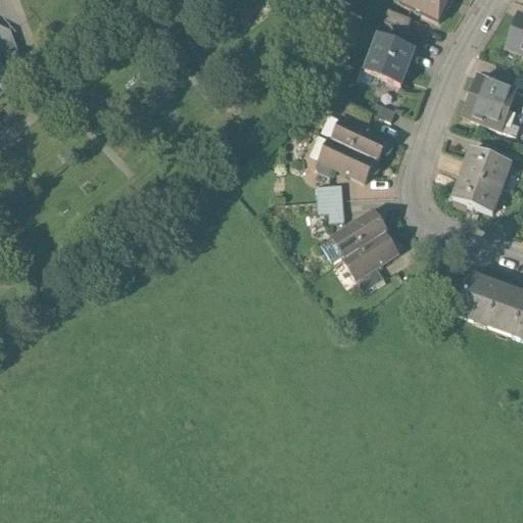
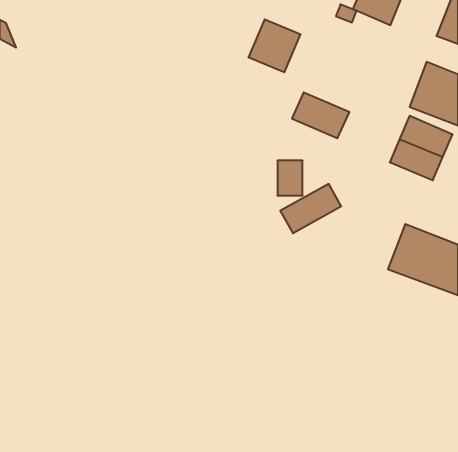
building: [366,34,425,94] -> [248,19,301,72]
building: [319,135,384,187] -> none
building: [333,235,402,291] -> none

